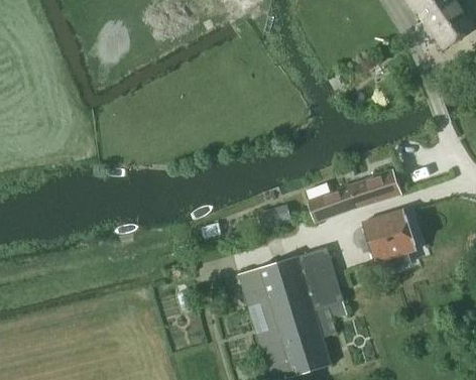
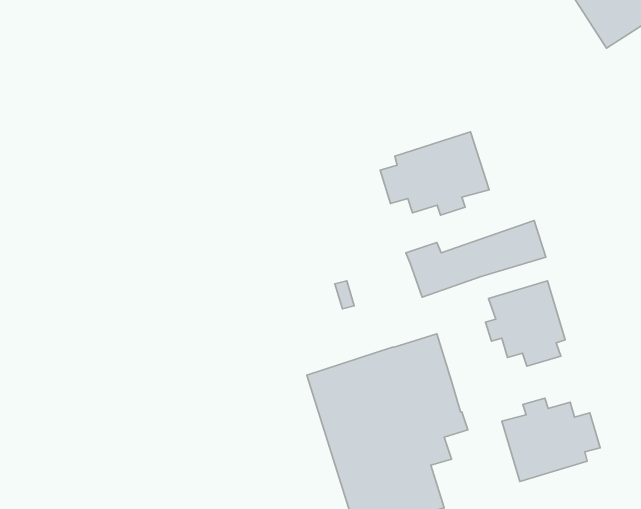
building: none -> [380,132,489,215]
building: none -> [502,398,600,481]

